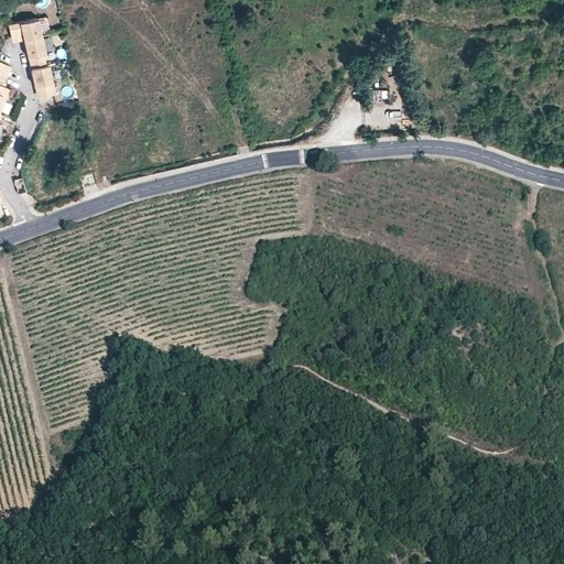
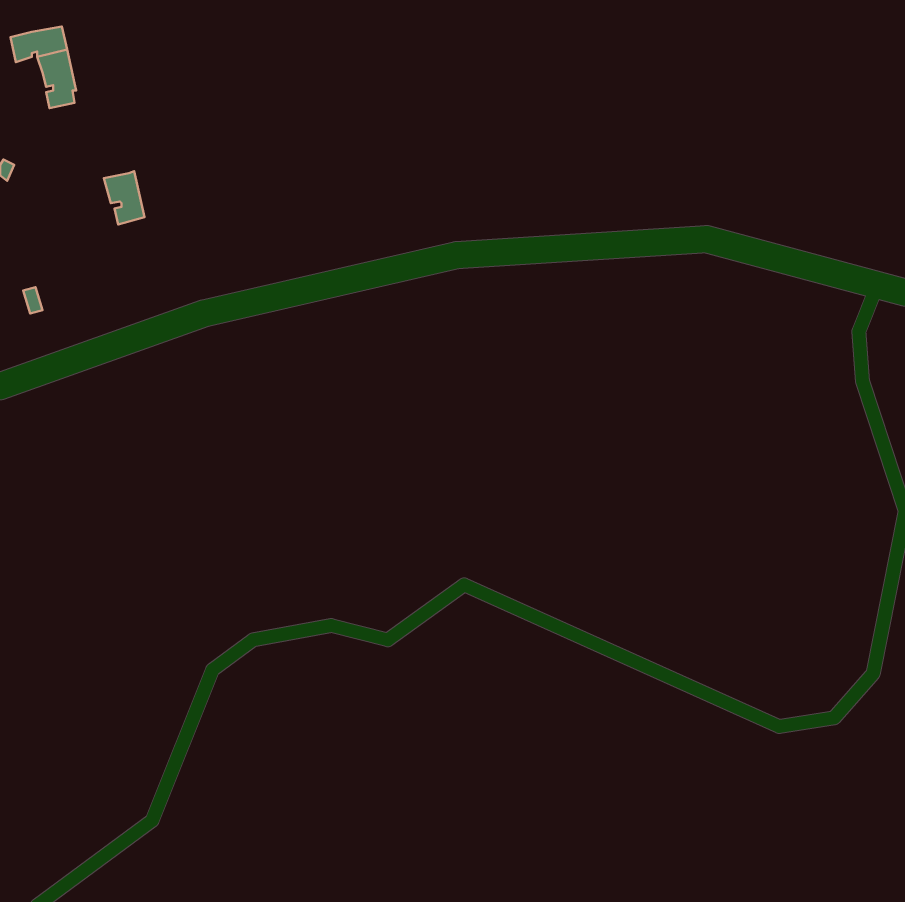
building: [31,65,56,98] -> [104,171,145,224]

